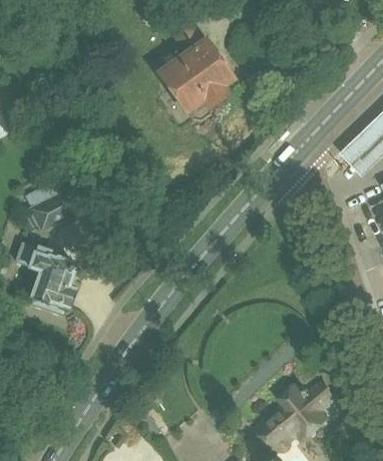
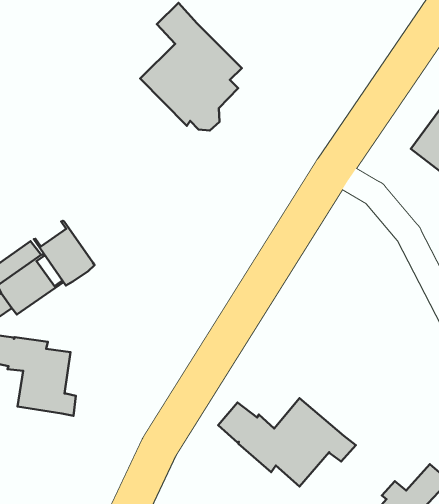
building: none -> [34,221,95,285]
building: none -> [218,398,356,487]

